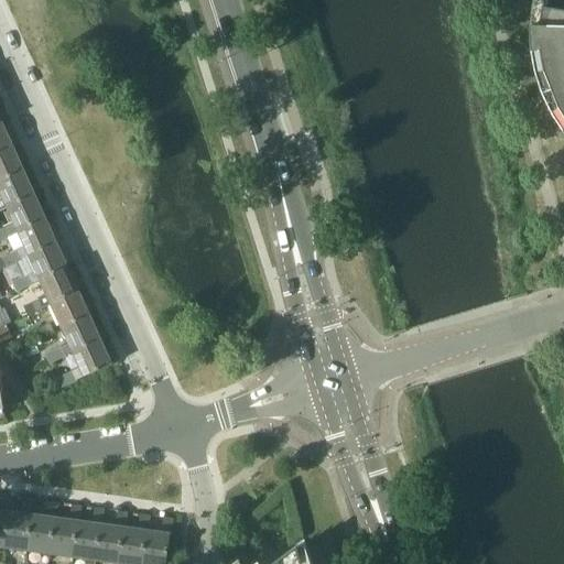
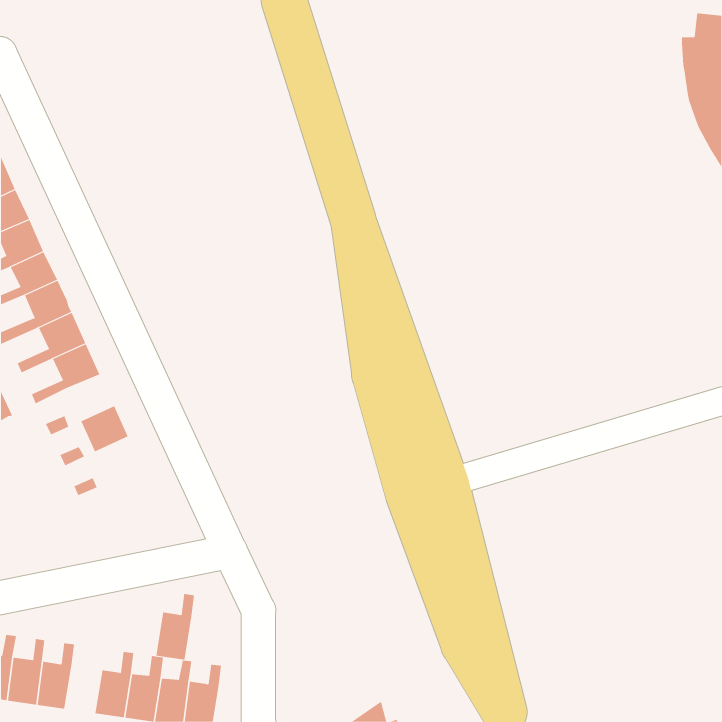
building: [52,292,89,328] -> none
building: [74,340,111,377] -> none
building: [51,505,82,556] -> [155,594,195,660]

